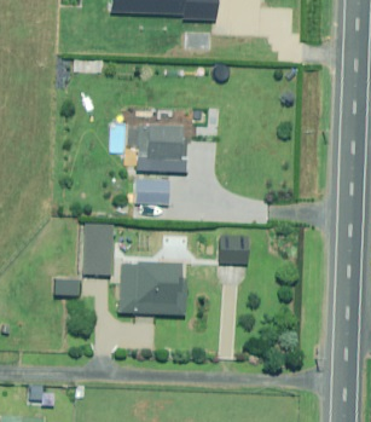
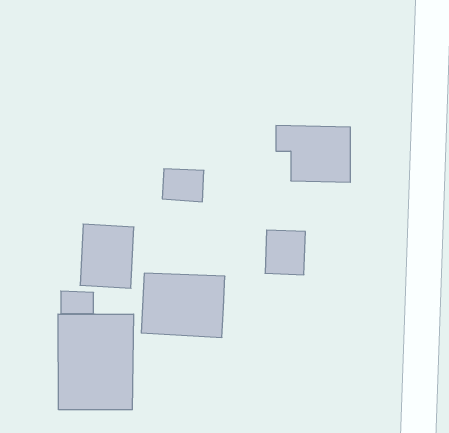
building: [126,125,186,170] -> [276,126,350,182]
building: none -> [58,314,134,410]

